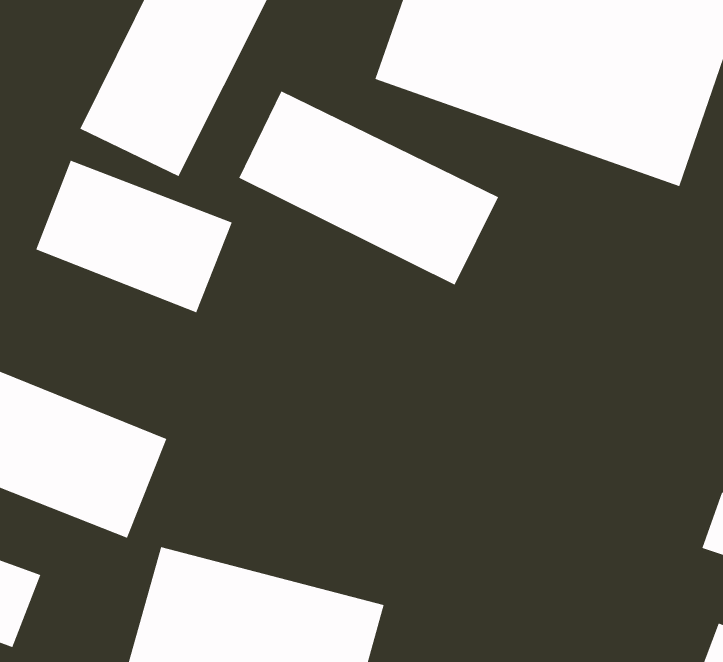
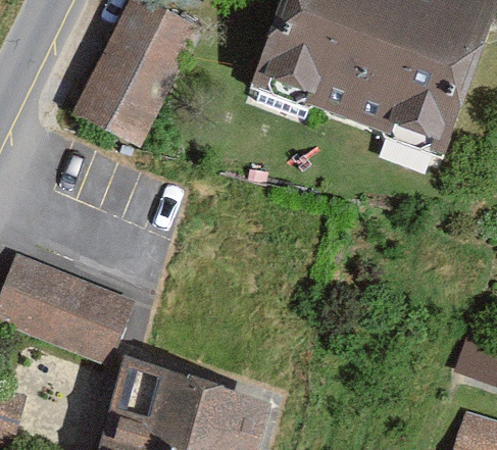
building: [238,91,499,285] -> none
building: [35,160,232,313] -> none

